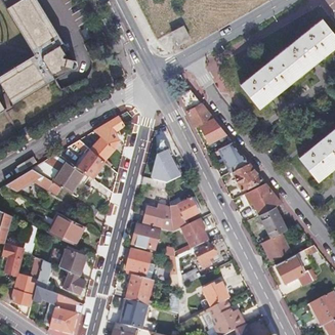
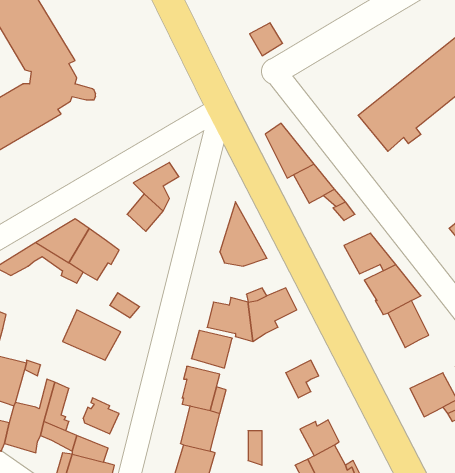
building: [77,144,104,176] -> none
building: [180,218,207,248] -> none
building: [262,231,290,258] -> none
building: [59,248,85,274] -> none

